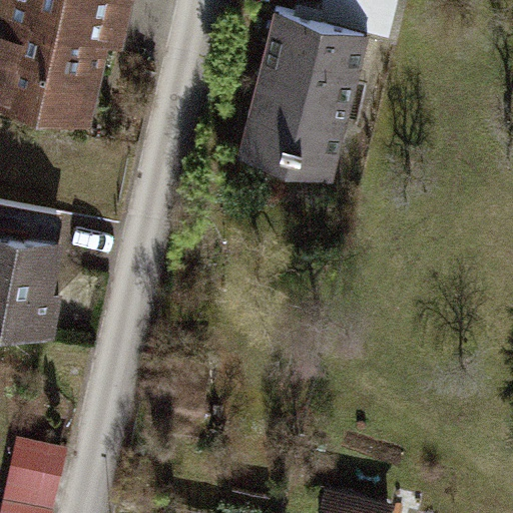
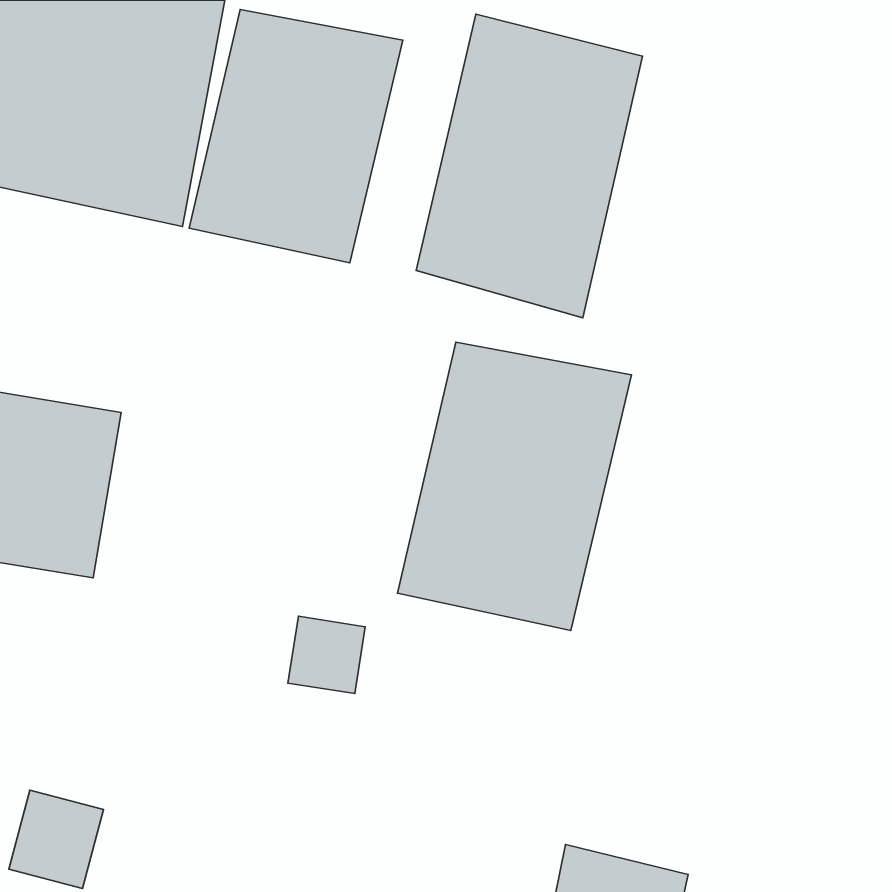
building: none -> [189,10,403,263]
building: none -> [398,342,632,630]

